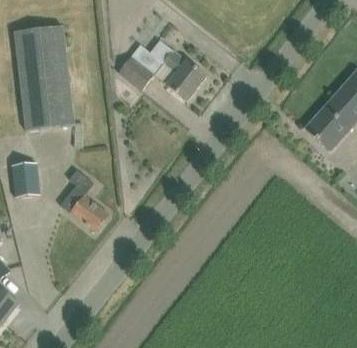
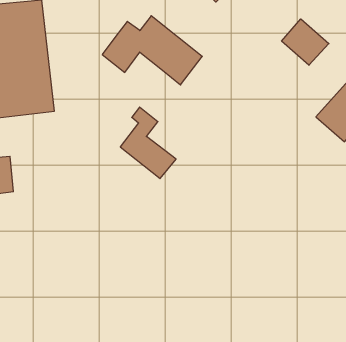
building: none -> [282,19,329,65]
building: [60,169,109,232] -> [120,107,176,179]

